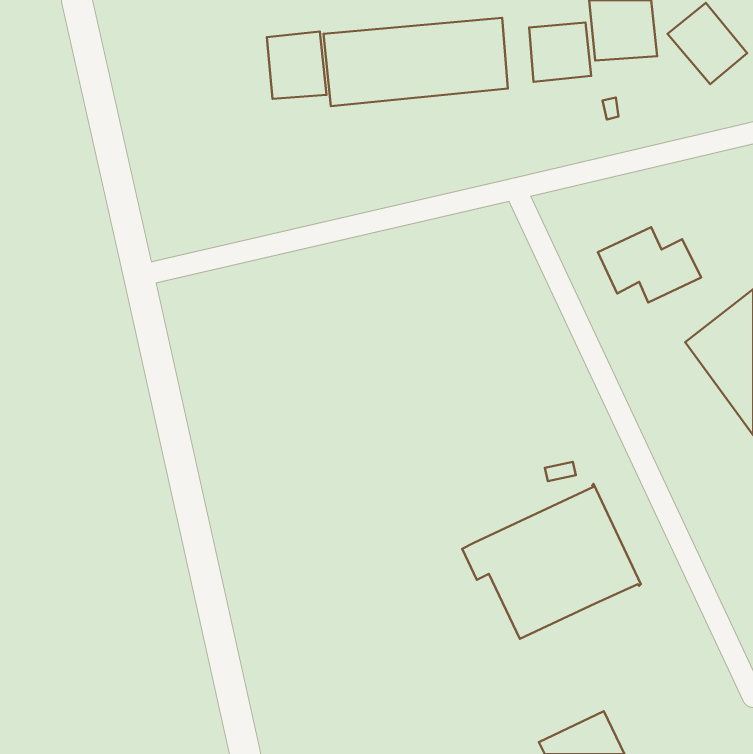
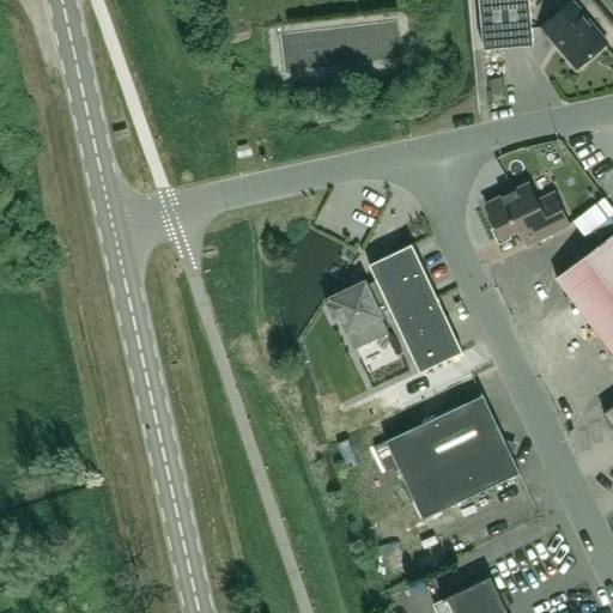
building: [529,22,591,82] -> none
building: [267,31,327,99] -> none
building: none -> [326,244,462,372]

